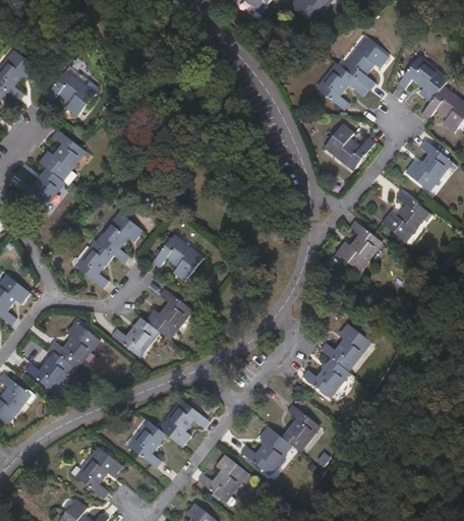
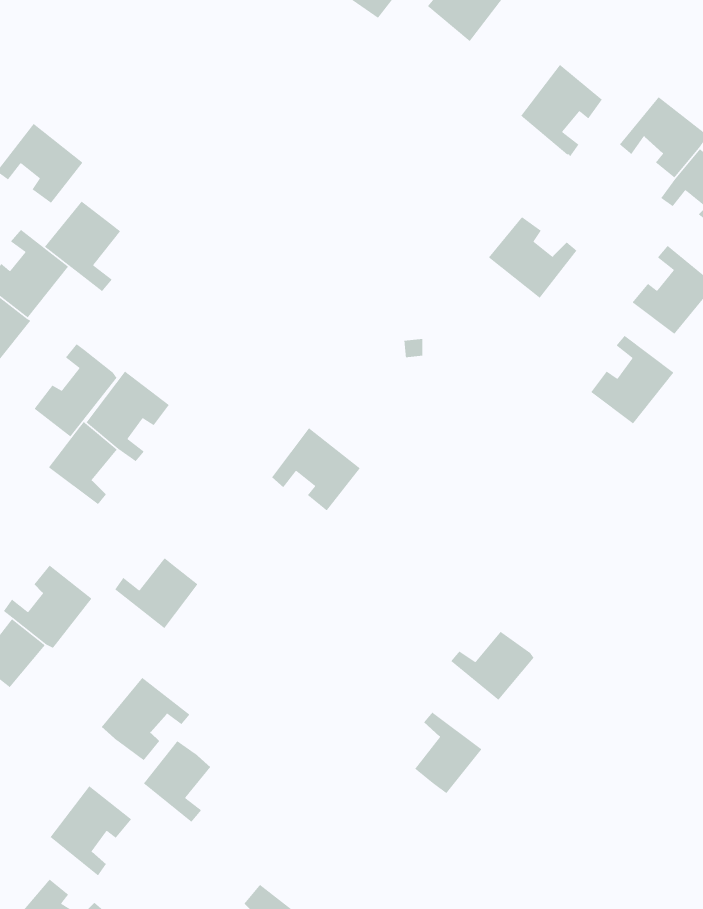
building: [316,62,369,110] -> none
building: none -> [44,200,121,292]
building: none -> [34,343,118,438]
building: [335,220,383,272] -> none
building: [153,233,204,281] -> [271,427,361,511]
building: [146,288,193,340] -> none
building: [321,323,371,370] -> none
building: [158,399,209,447] -> [101,677,191,761]
building: [241,426,292,474] -> none
building: [197,454,249,502] -> none

